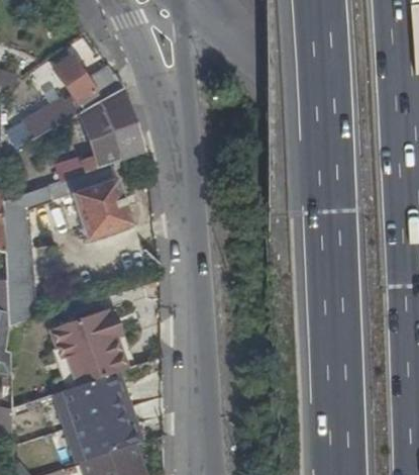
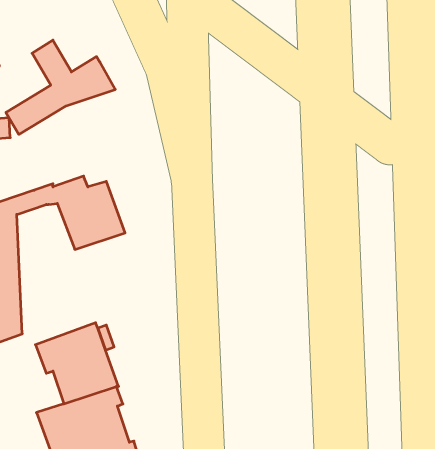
building: [41,95,141,188] -> none

